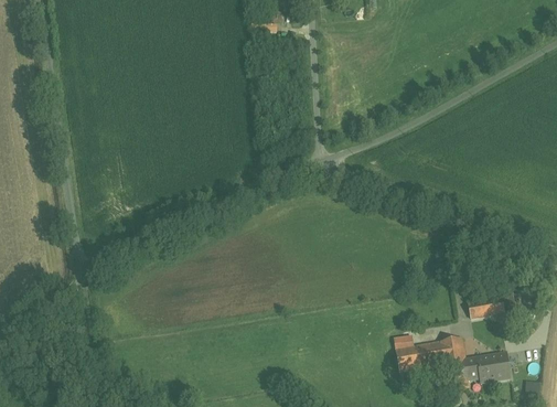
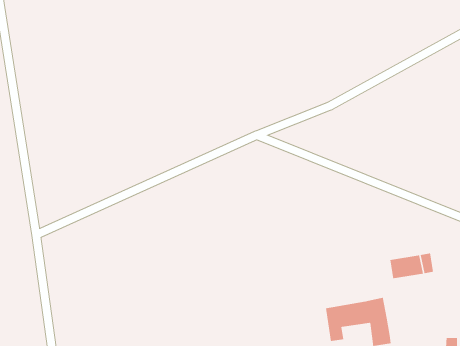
building: [465,352,511,381] -> none

